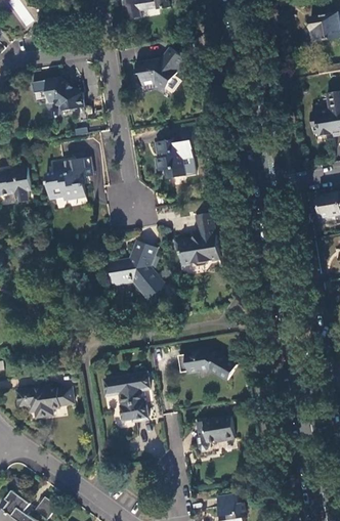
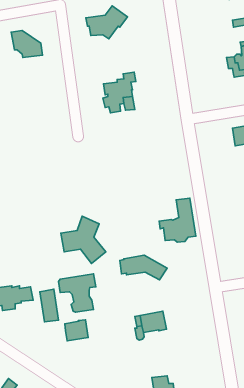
building: [48,158,94,199] -> none
building: [176,214,220,267] -> [159,198,196,242]
building: [112,242,166,299] -> [61,216,106,264]
building: none -> [40,289,59,322]
building: none -> [65,320,88,341]

